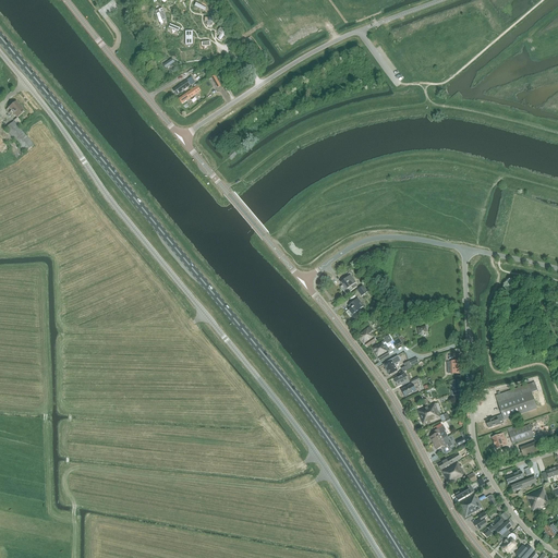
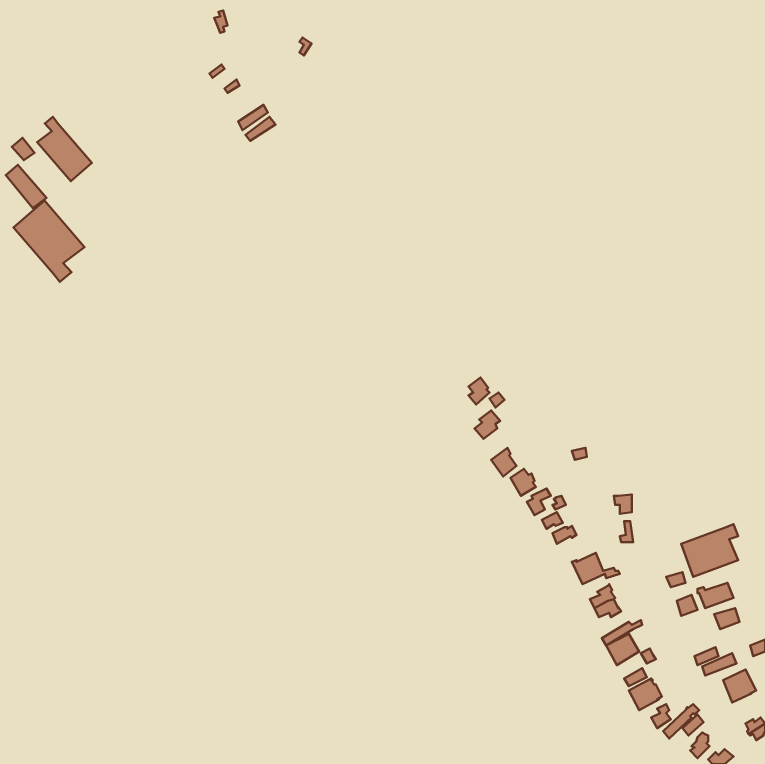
building: none -> [37,117,92,181]
building: none -> [13,201,84,282]

